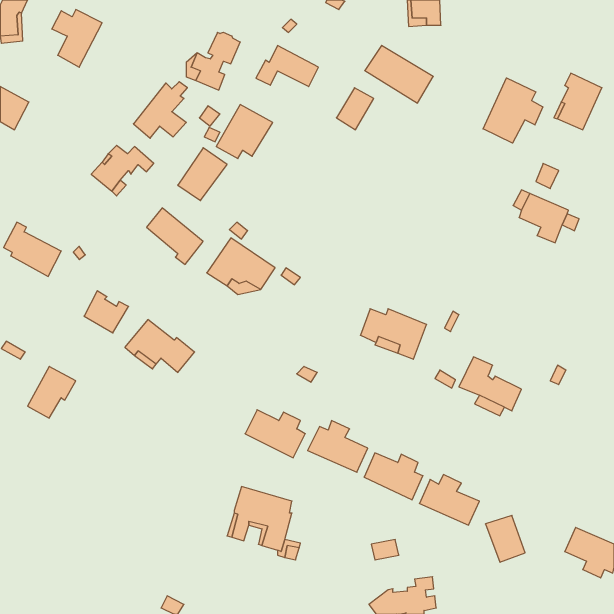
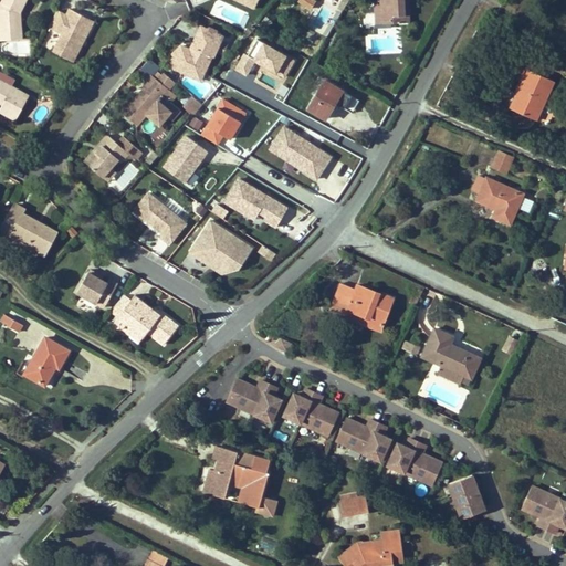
building: [365,45,433,103] -> [269,129,332,182]
building: [483,78,543,143] -> none
building: none -> [223,180,290,230]

